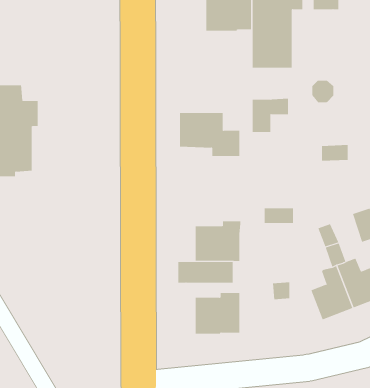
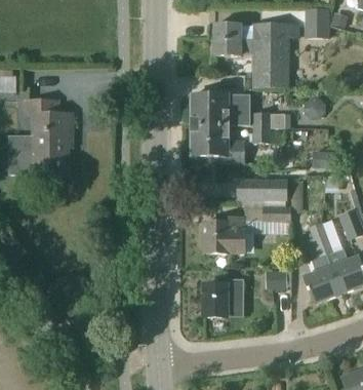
building: none -> [191,93,250,124]
building: [178,262,234,283] -> [237,180,285,198]

